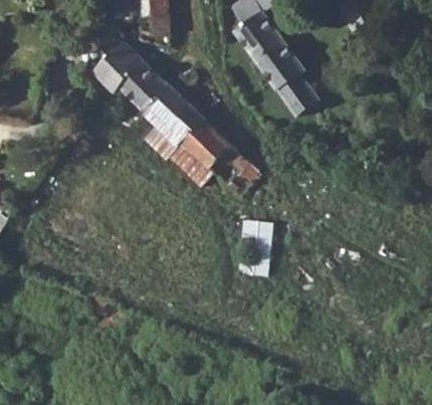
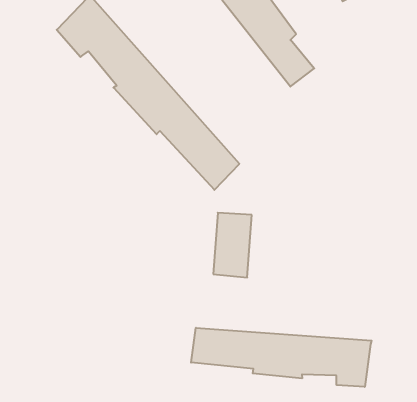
building: none -> [191,328,372,387]

